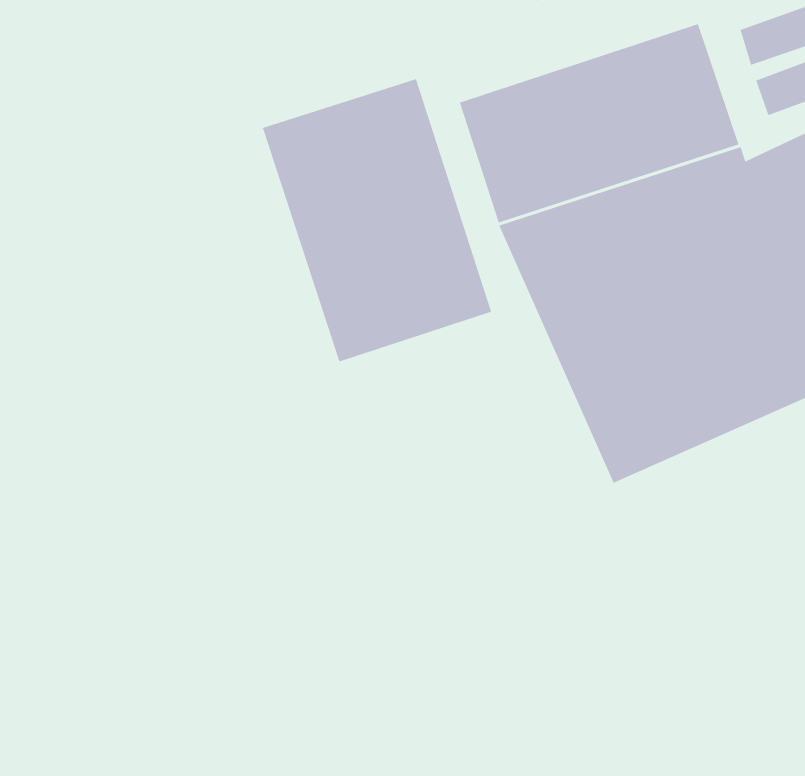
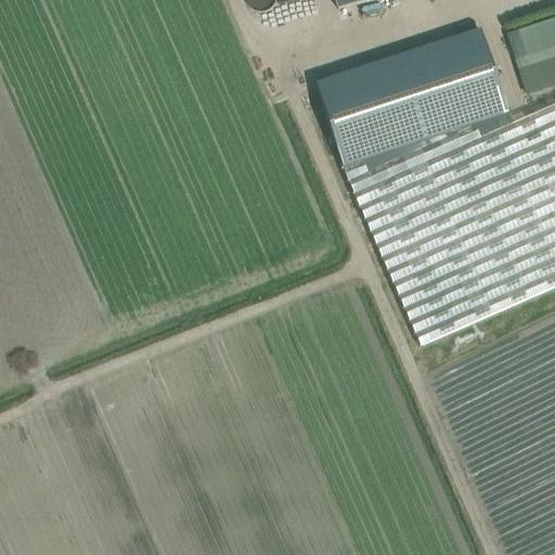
building: [262,78,492,362] -> none

